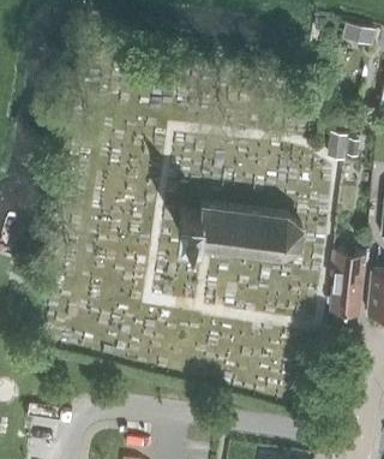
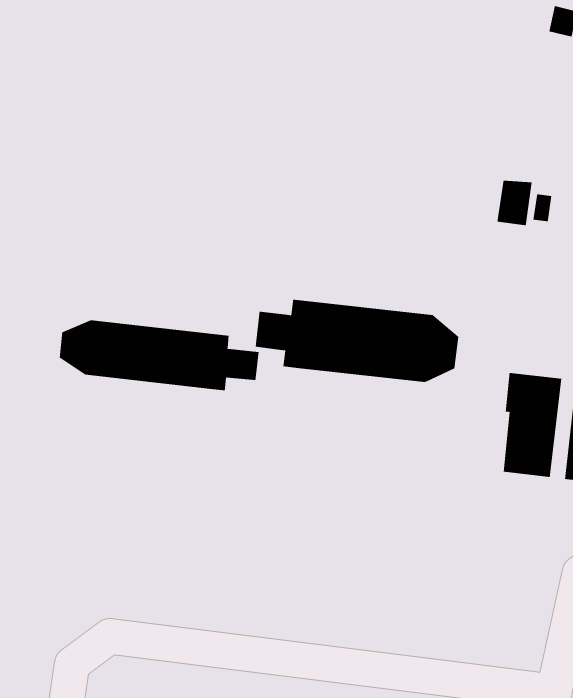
building: none -> [59,320,259,391]

